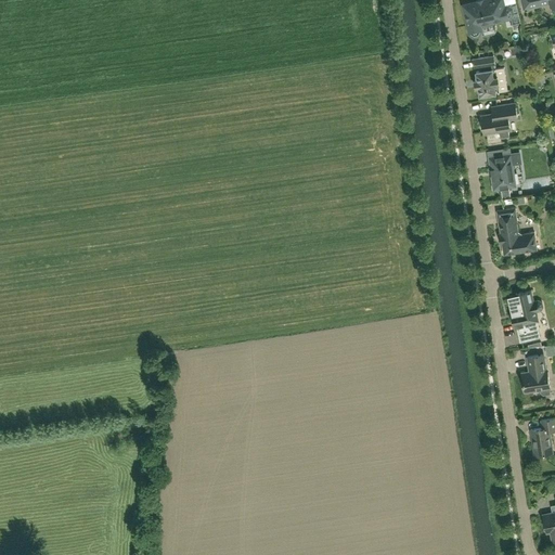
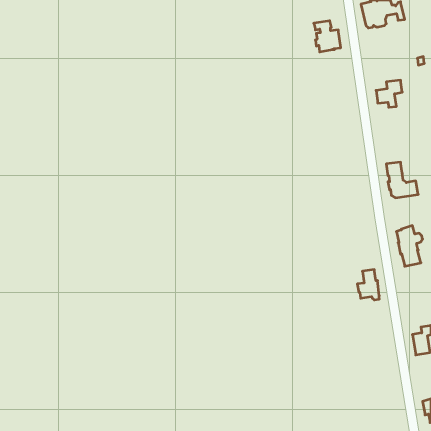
building: [472,56,506,96] -> [314,21,341,52]
building: [488,154,521,190] -> none
building: [520,356,548,395] -> [357,270,379,300]

